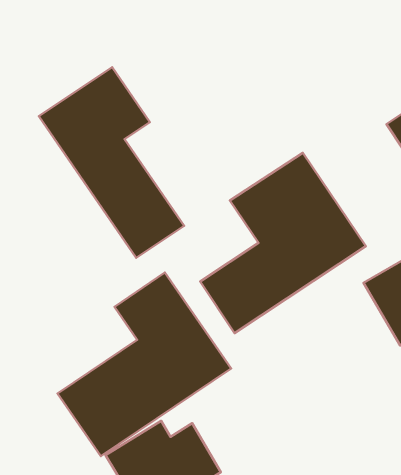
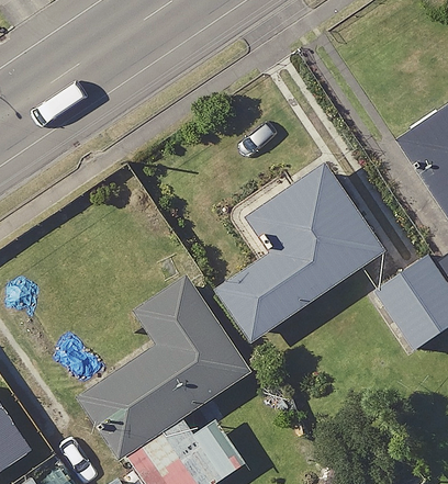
building: [39,67,184,258] -> none

